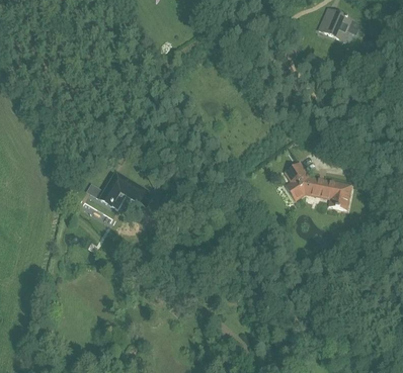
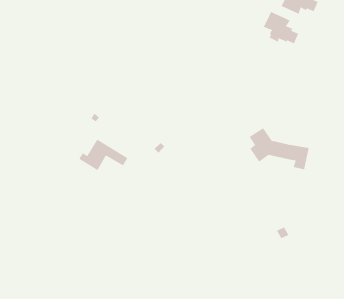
building: none -> [263,11,299,44]

